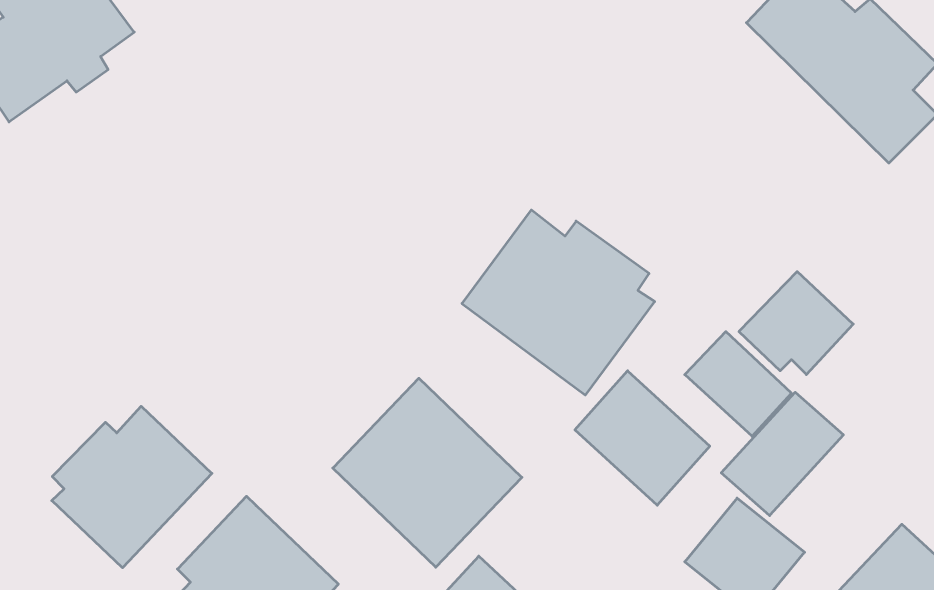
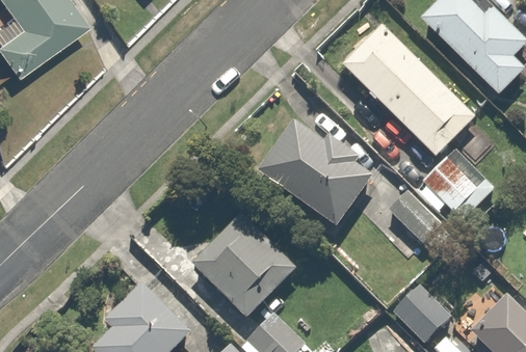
building: none -> [341,20,479,158]
building: [575,371,710,505] -> none
building: [721,392,843,516] -> none
building: [52,406,212,568] -> none

